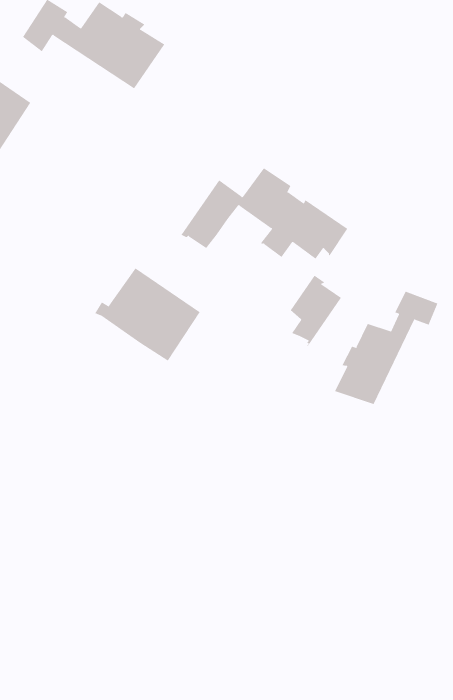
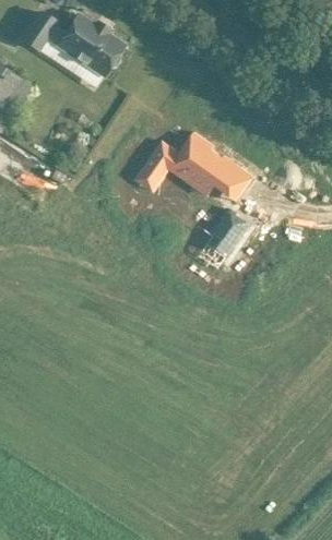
building: [95,267,201,362] -> none
building: [334,291,438,405] -> none

